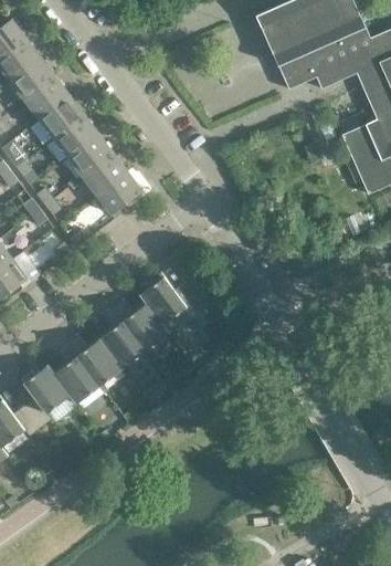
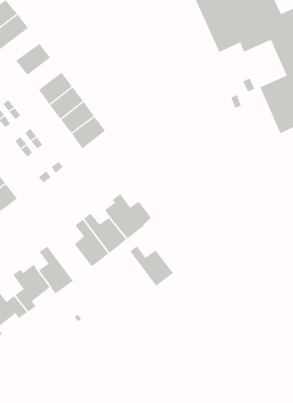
building: [10,56,56,99] -> none
building: [40,95,85,137] -> none
building: [66,333,124,386] -> [130,246,174,286]

